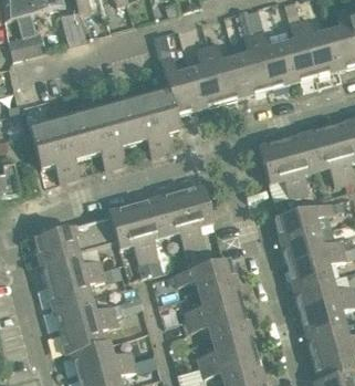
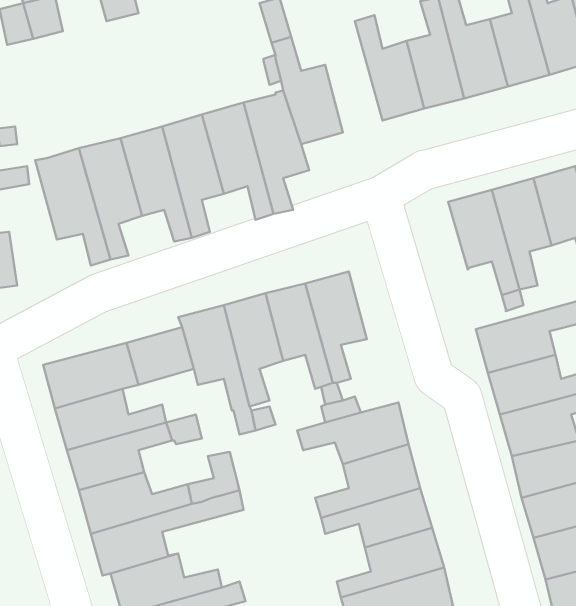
building: [190,45,222,107] -> none

